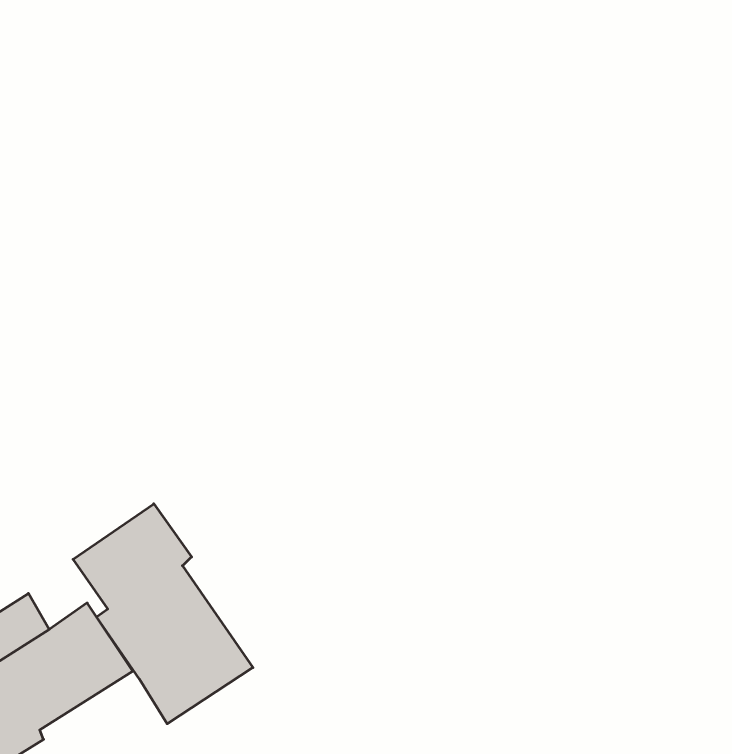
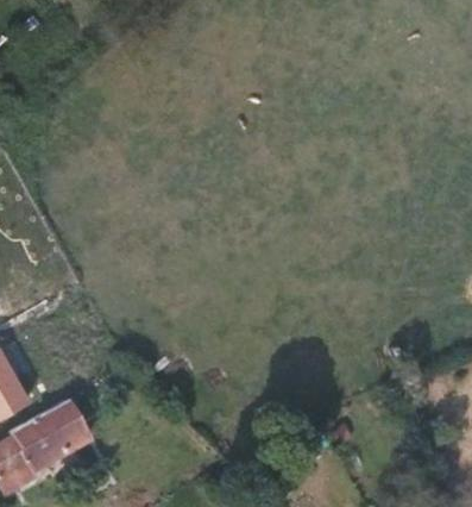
building: [73,504,253,724] -> none

